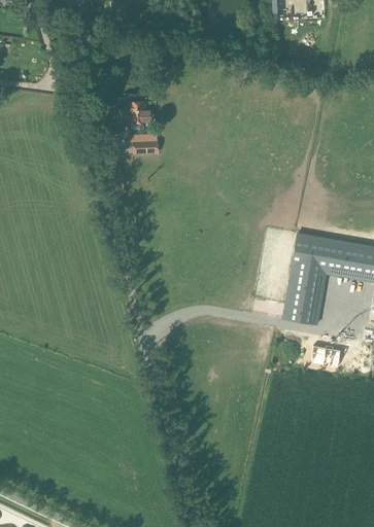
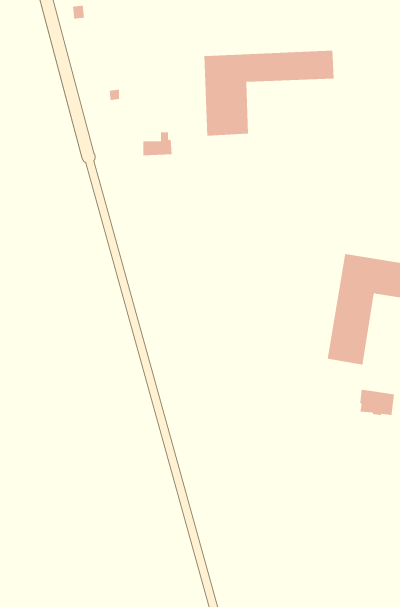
building: none -> [204,50,334,136]
building: [124,101,152,122] -> none

